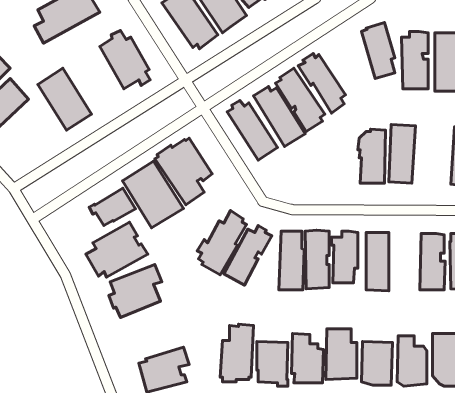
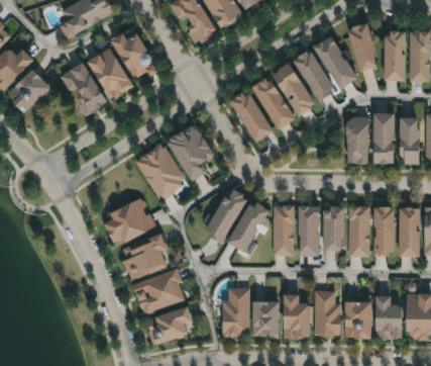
building: none -> [310,32,355,89]
building: none -> [87,47,133,99]
building: none -> [396,115,421,163]
building: [89,188,136,225] -> none
building: none -> [371,205,393,255]
building: none -> [132,267,186,315]

